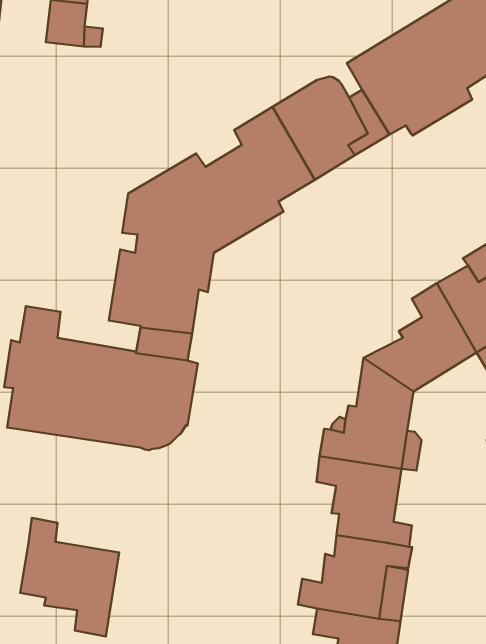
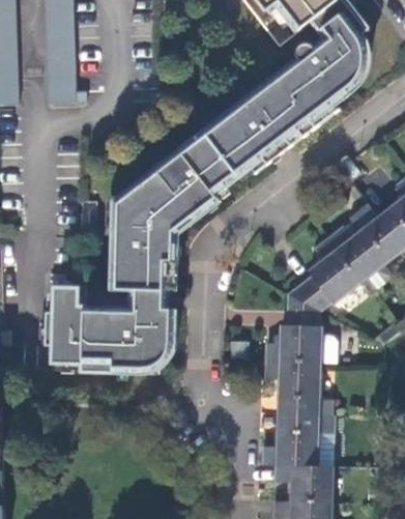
building: [20,518,119,637] -> none

